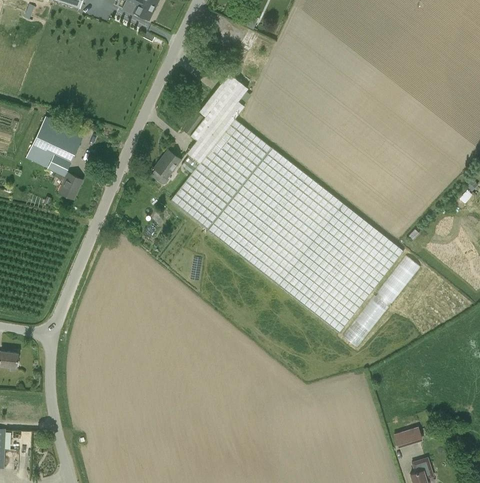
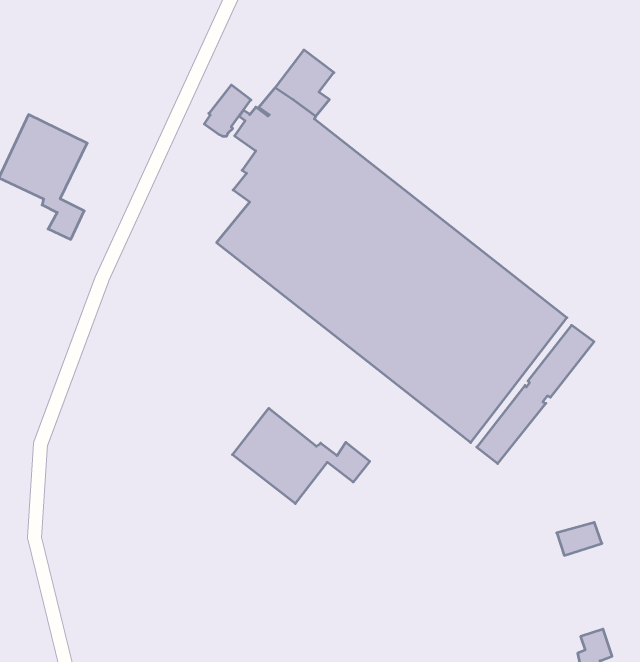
building: [150,150,181,184] -> [204,85,251,136]
building: none -> [232,408,370,504]
building: [393,427,423,449] -> [557,522,602,555]

